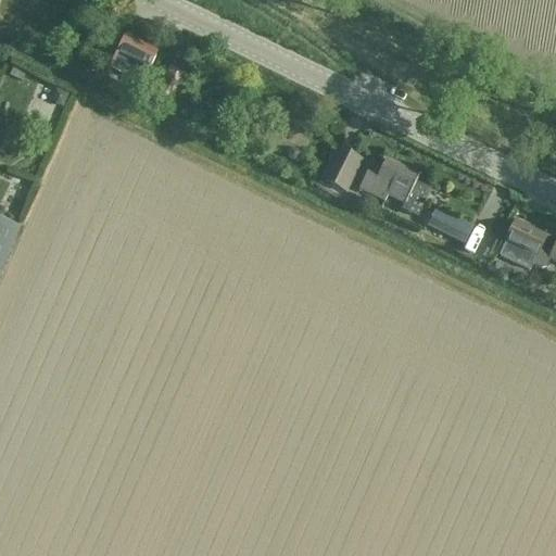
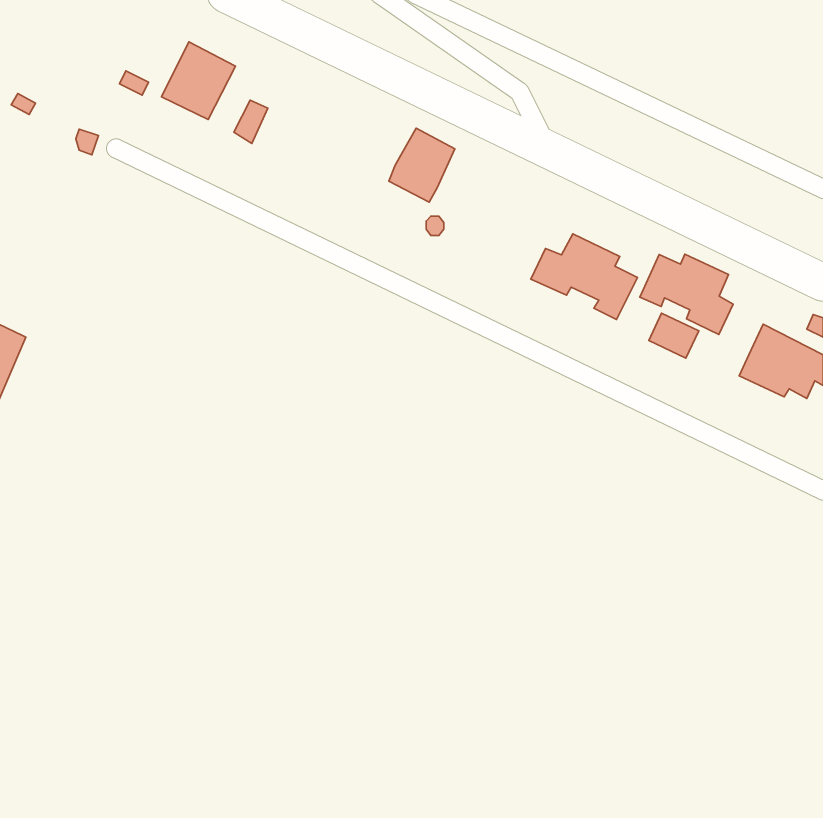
building: [318,141,363,191] -> [389,128,455,202]
building: none -> [640,254,733,335]

